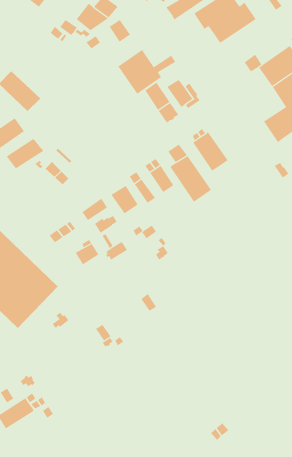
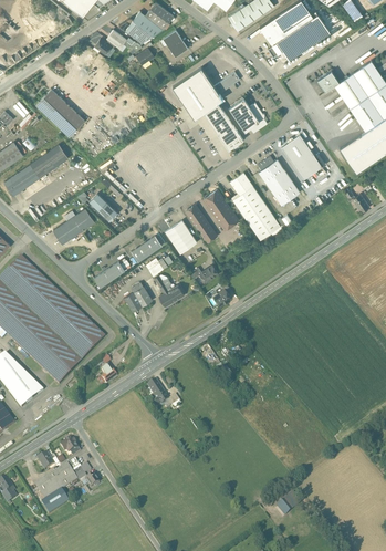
building: none -> [281,133,325,177]
building: [6,138,44,169] -> [51,209,95,245]

